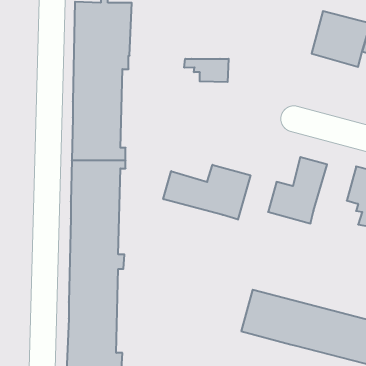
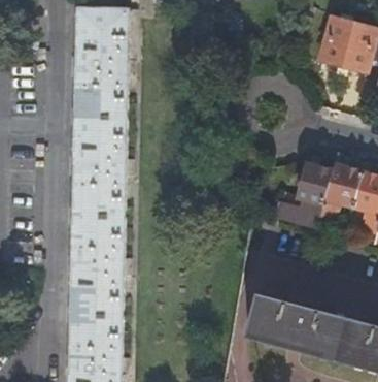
building: [184,59,229,82] -> none
building: none -> [318,164,360,220]
building: [163,165,250,220] -> none

